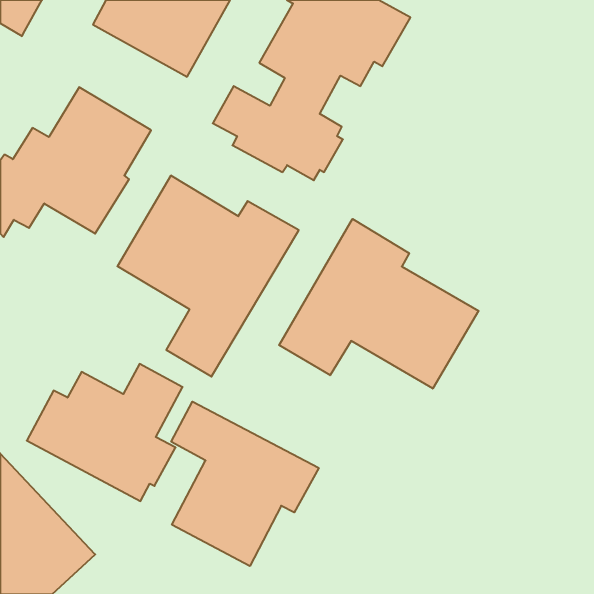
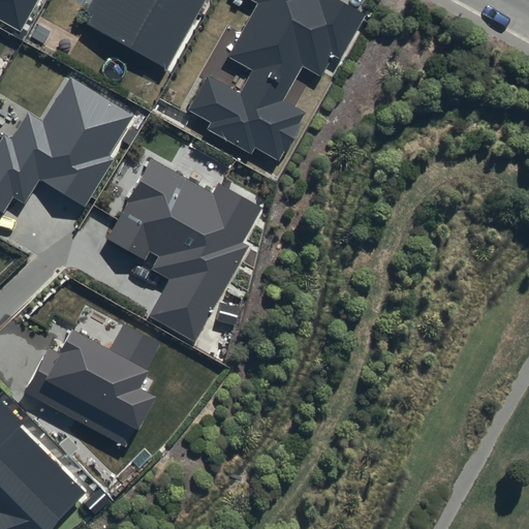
building: [279,219,479,389] -> none
building: [171,402,319,566] -> none

